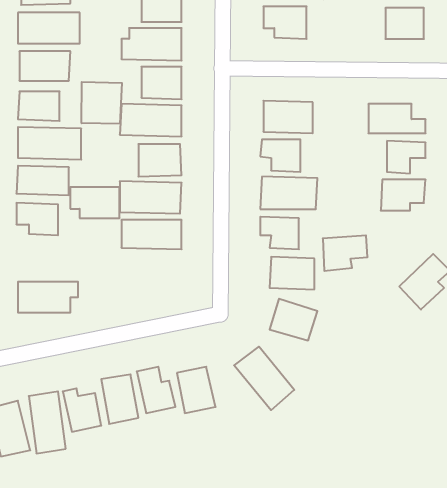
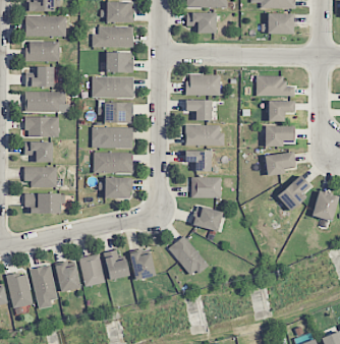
building: [82,82,122,124] -> none
building: [70,187,120,218] -> [24,167,57,187]
building: [323,235,368,271] -> [266,153,295,176]
building: none -> [105,177,132,198]

